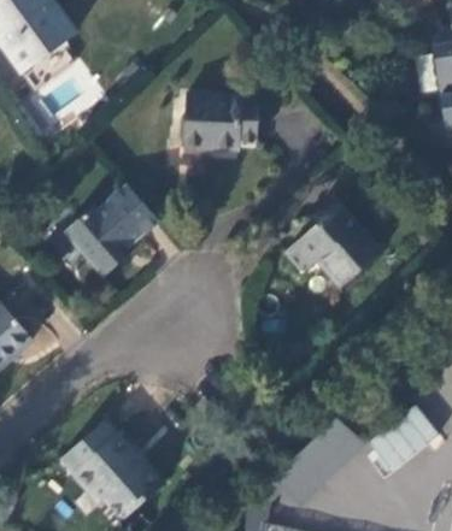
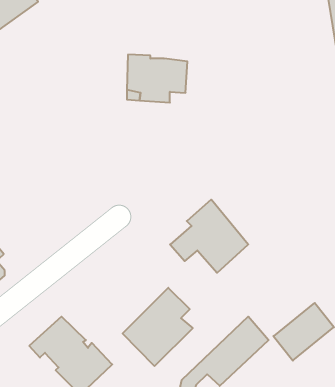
building: [63,185,155,277] -> none
building: [286,200,382,290] -> [170,200,248,273]
building: none -> [123,288,193,366]

